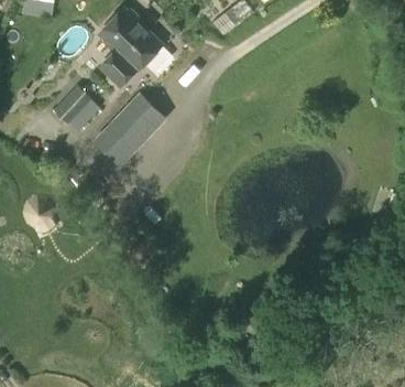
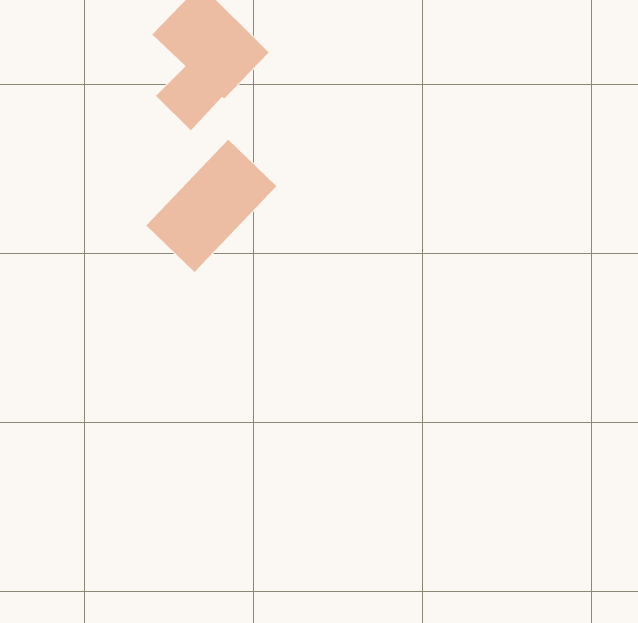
building: [55,86,92,125] -> none

